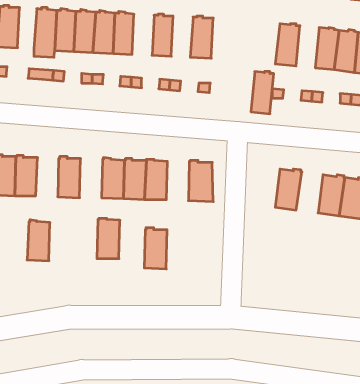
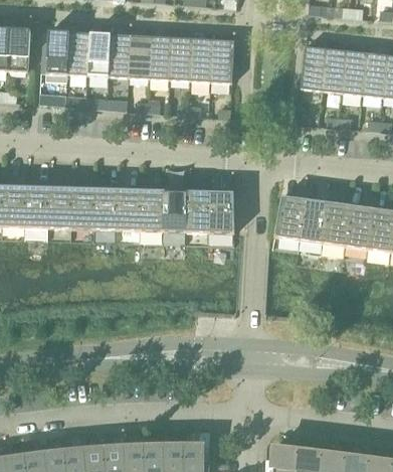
building: none -> [149,35,172,80]
building: none -> [190,37,213,82]
building: [251,72,274,114] -> [322,48,346,93]
building: none -> [273,196,305,240]
building: none -> [322,202,350,246]
building: [97,218,120,259] -> [93,187,118,229]
building: [27,220,50,261] -> [47,185,71,228]
building: [144,228,167,269] -> [185,189,209,232]

